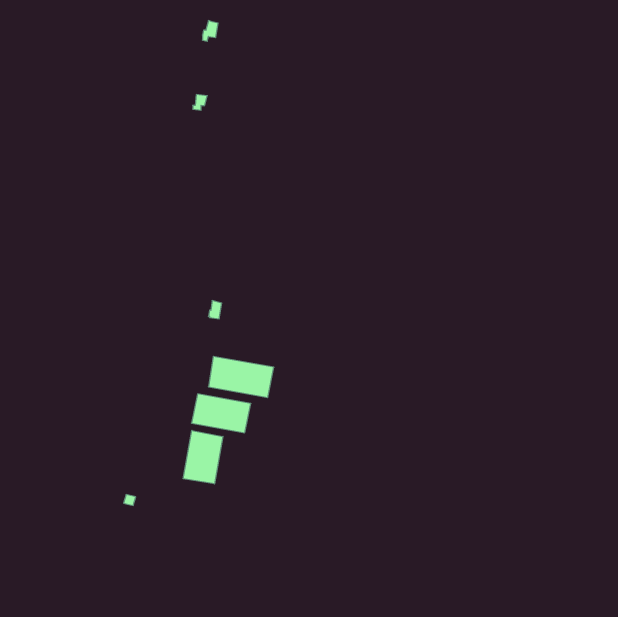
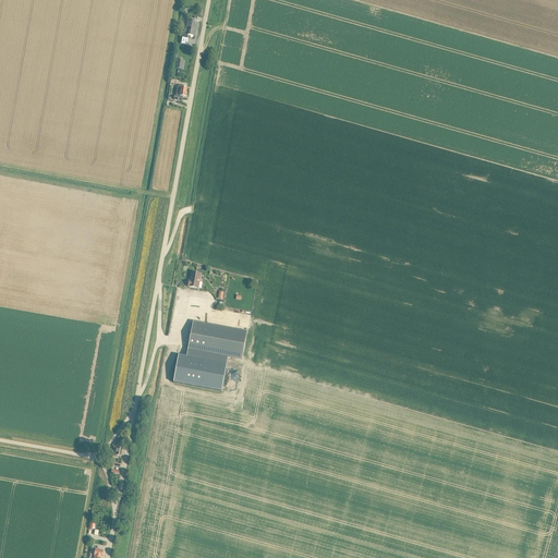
building: [183,430,223,484] -> none

